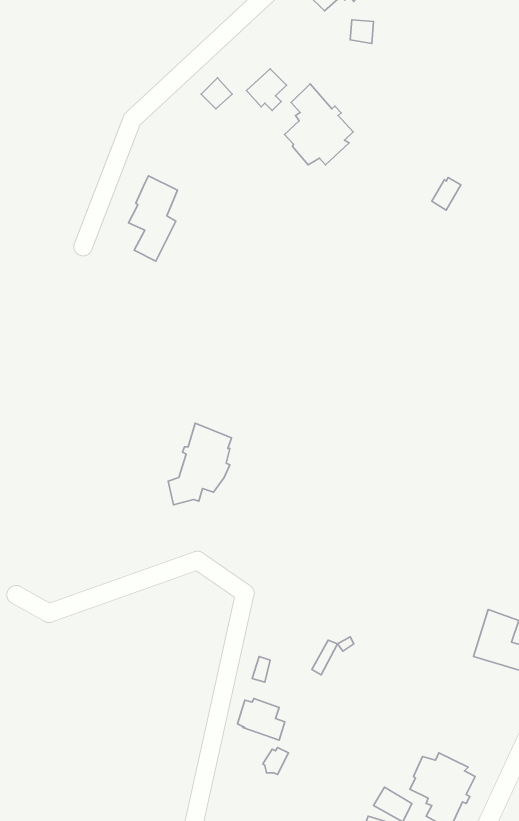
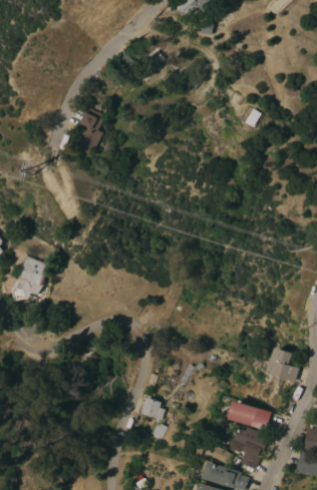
building: [284,84,353,165] -> none
building: [168,423,232,505] -> [12,257,47,302]
building: none -> [229,401,271,431]

